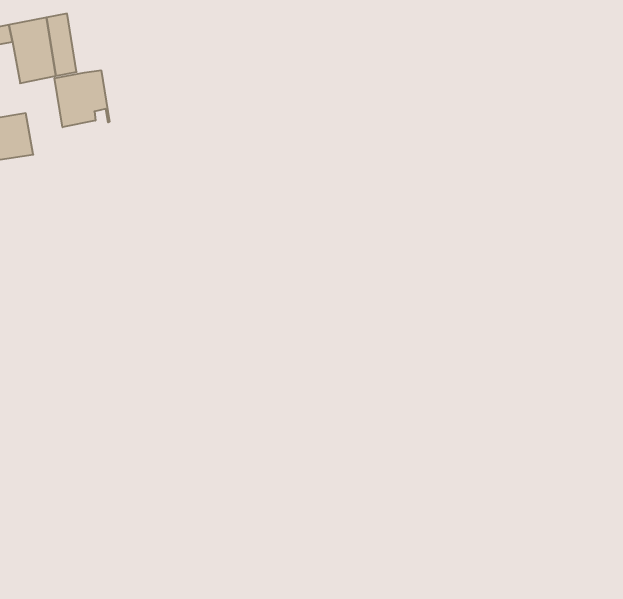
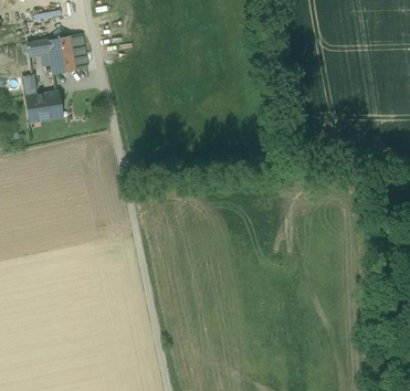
building: [55,70,110,127] -> none

